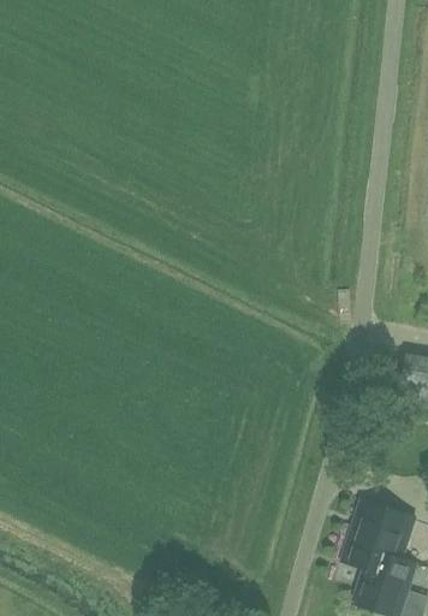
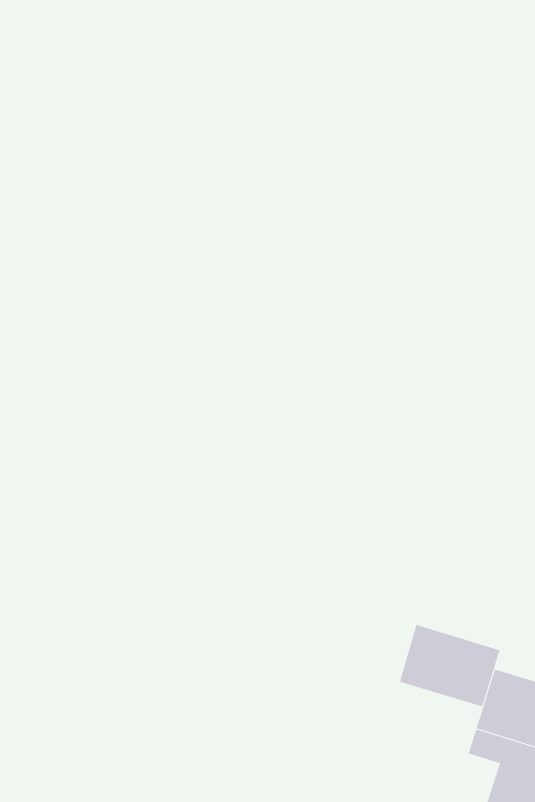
building: none -> [400,624,500,707]

